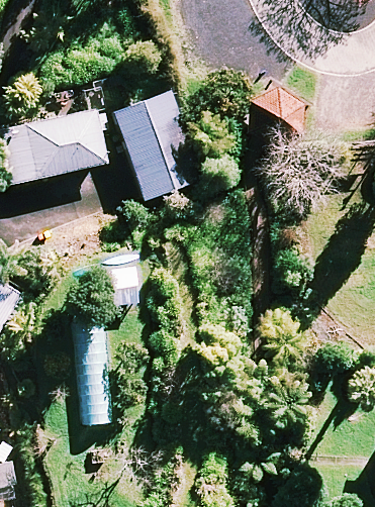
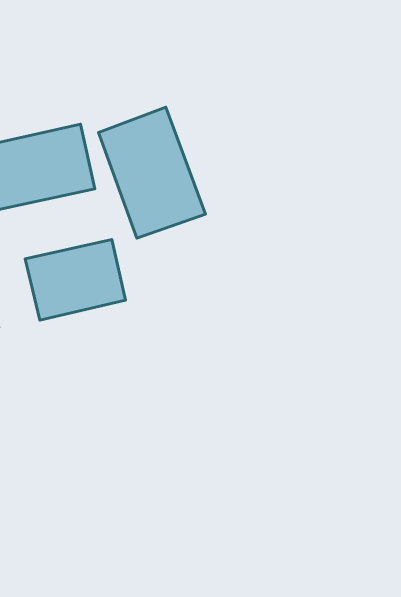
building: none -> [25,239,125,320]

